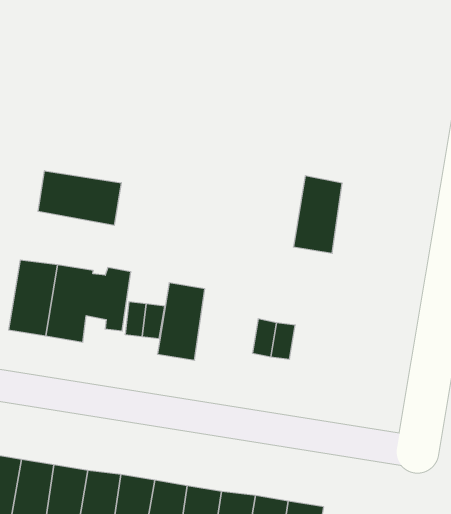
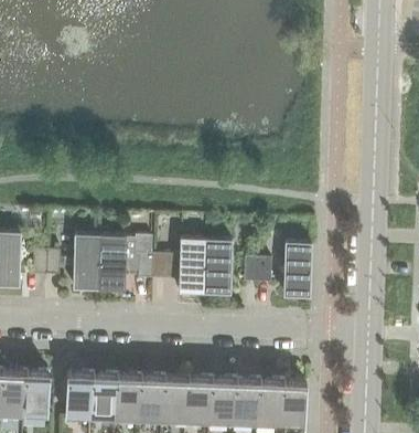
building: [38,171,121,225] -> none
building: [293,176,342,253] -> [282,243,311,295]
building: none -> [204,241,232,293]

